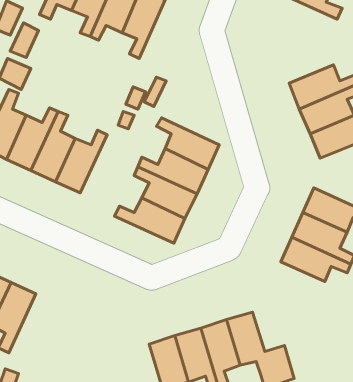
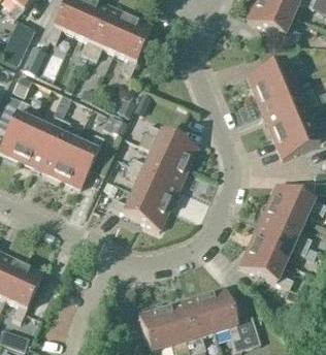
building: none -> [247,54,300,95]
building: none -> [239,245,292,288]

